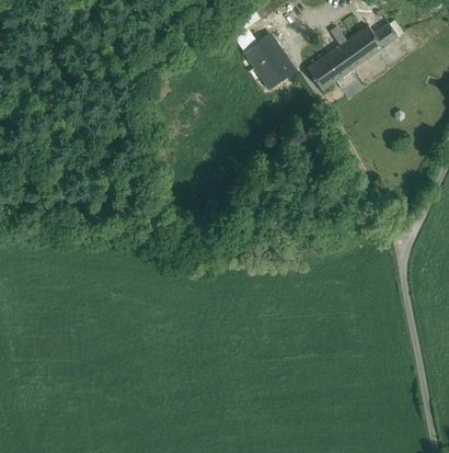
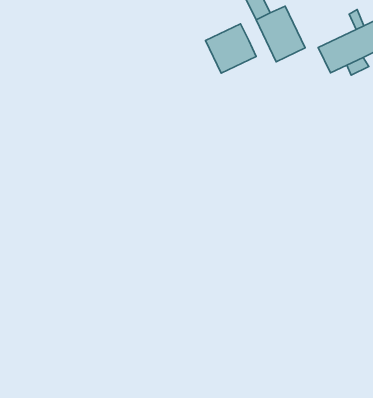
building: none -> [205,24,256,73]

